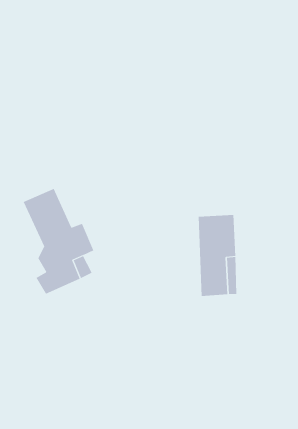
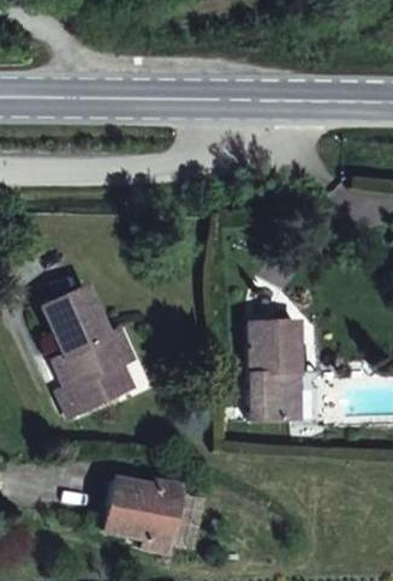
building: none -> [108,487,183,556]

